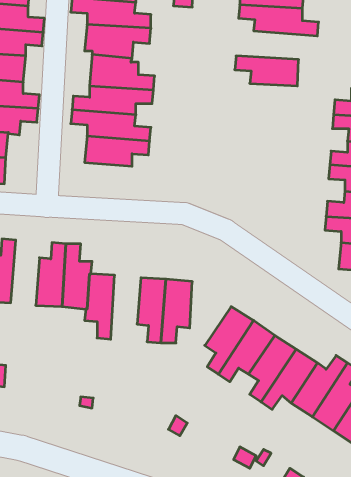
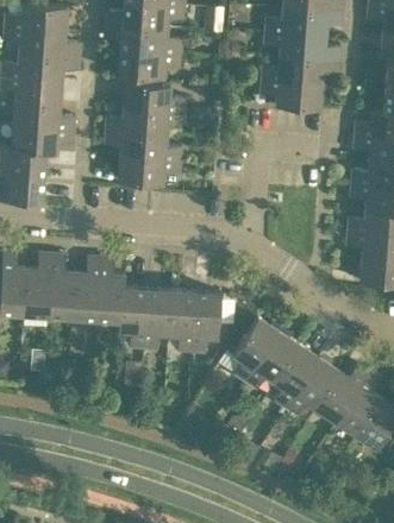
building: none -> [263,56,340,83]
building: none -> [49,254,76,316]
building: none -> [144,288,173,349]

